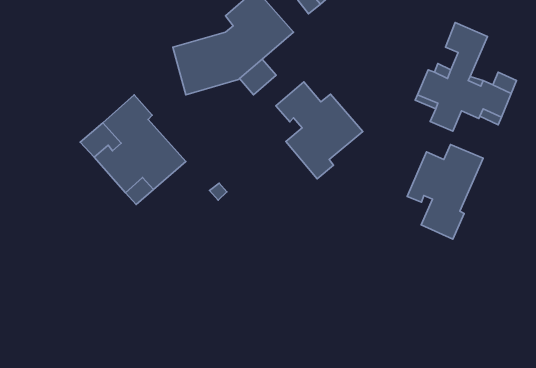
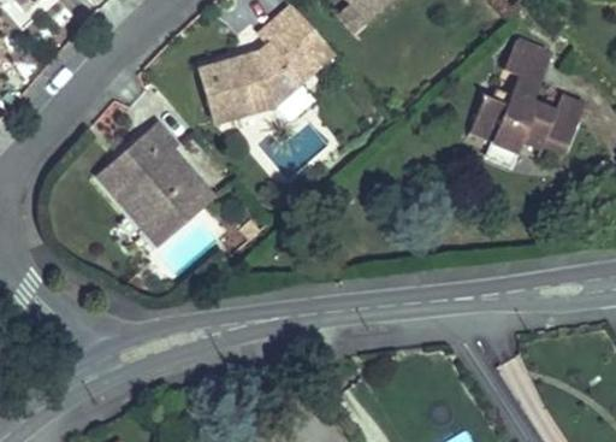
building: [276,82,363,179] -> none
building: [407,144,483,239] -> none

